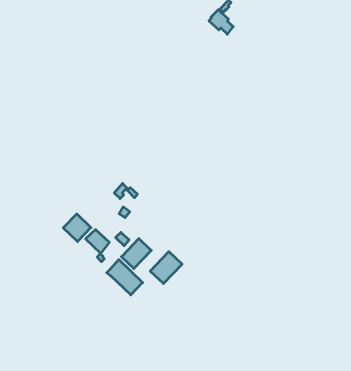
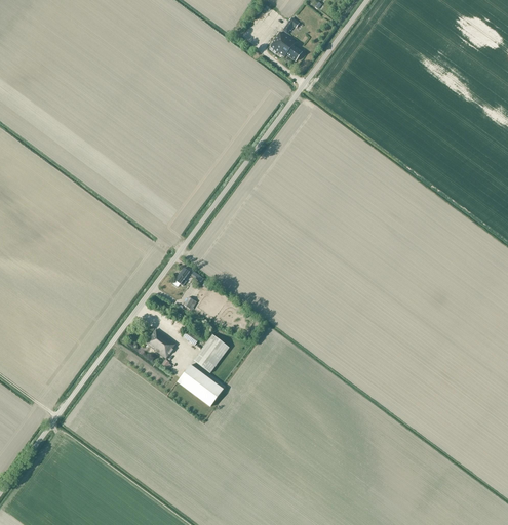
building: [63,214,91,242] -> none
building: [150,252,182,284] -> none

